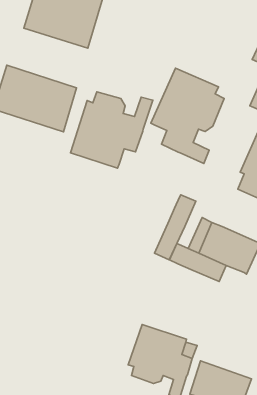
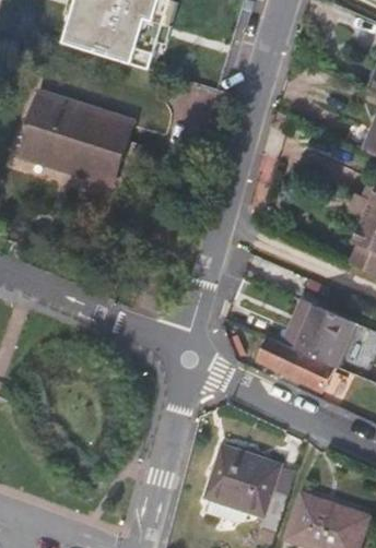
building: [151,68,224,164] -> none
building: [71,92,153,168] -> none
building: [154,195,196,260] -> none

